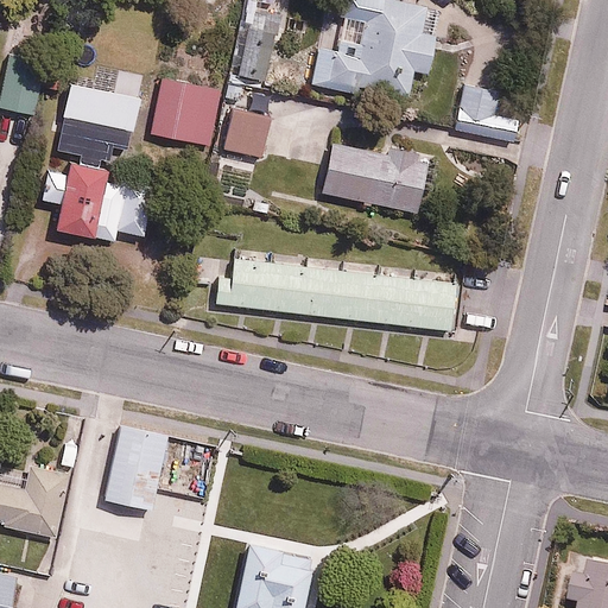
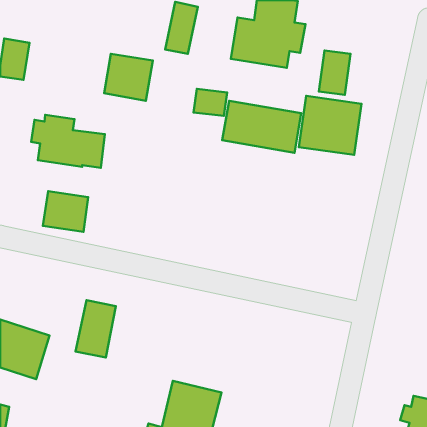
building: [57,82,138,166] -> none
building: [224,114,272,152] -> [194,89,227,116]
building: none -> [299,96,362,155]
building: [222,253,451,322] -> none
building: none -> [43,191,88,232]

